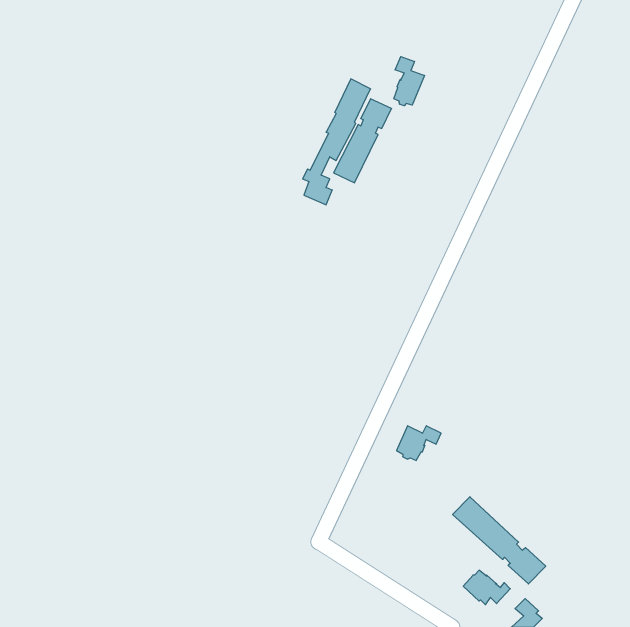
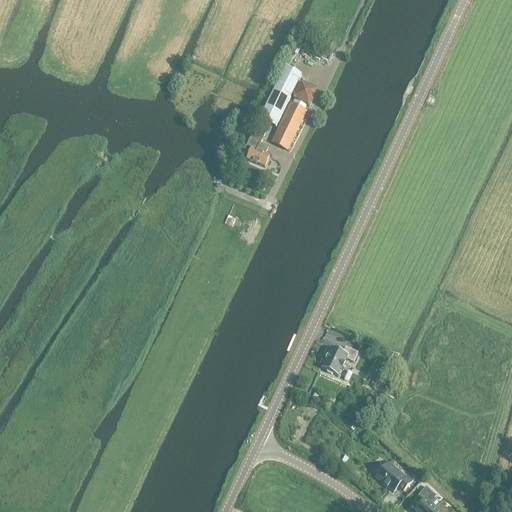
building: [394,57,425,106] -> none
building: [453,497,546,584] -> none

